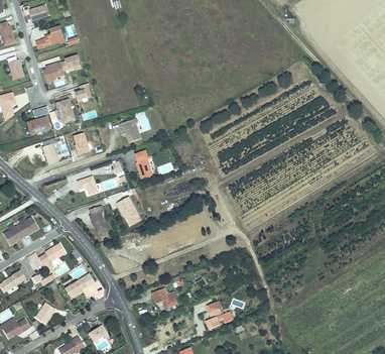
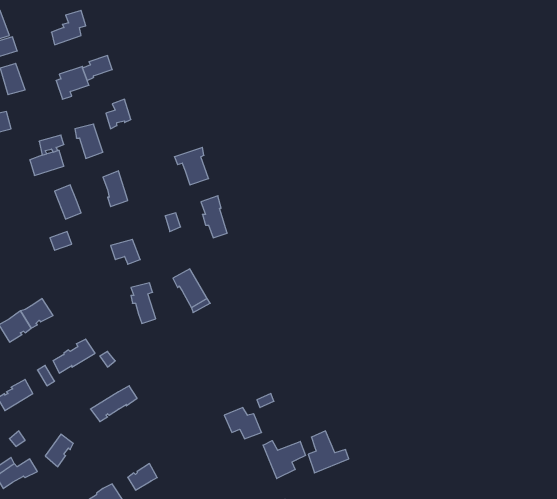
building: none -> [263,441,306,479]

